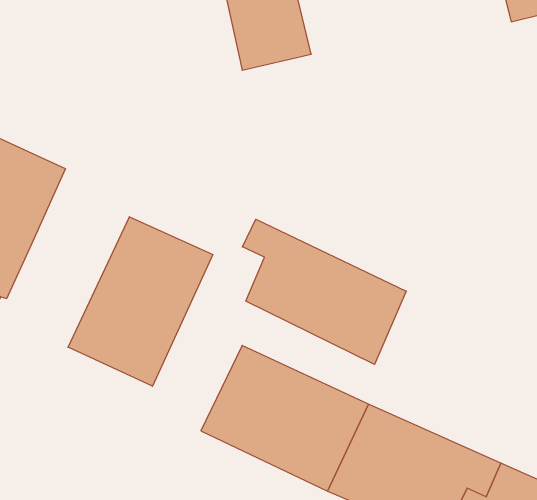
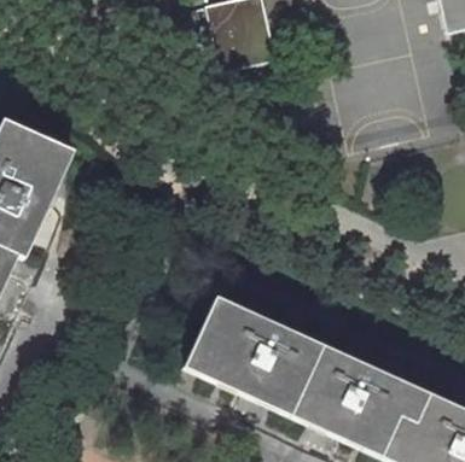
building: [68,217,213,386] -> none
building: [242,219,406,364] -> none

